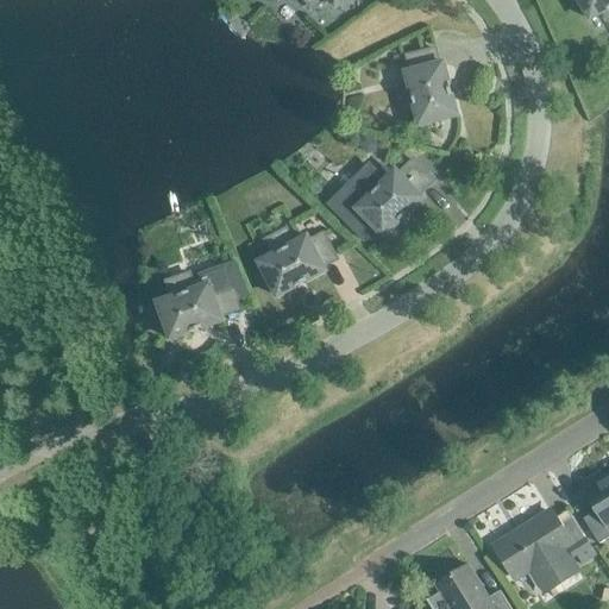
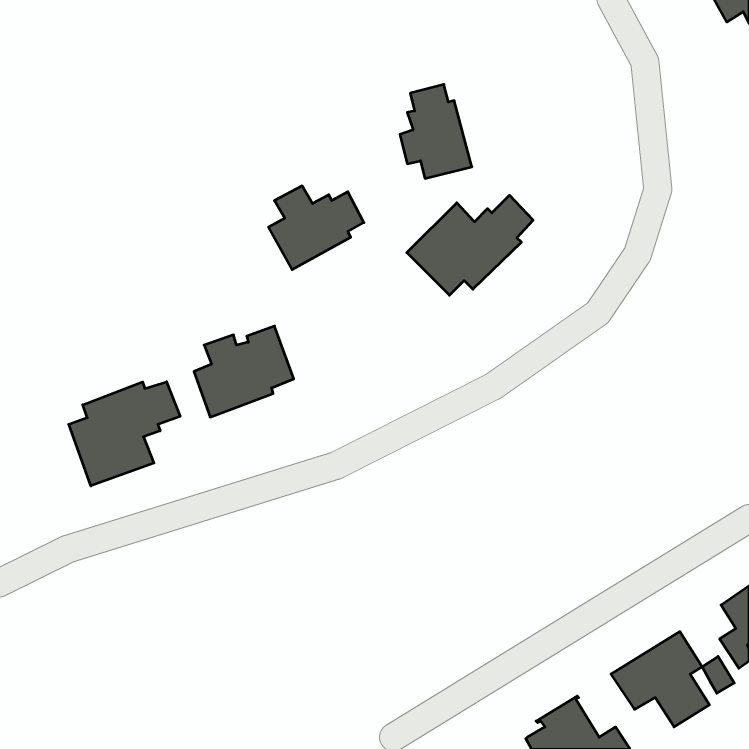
building: [398,48,457,124] -> [400,84,472,178]
building: [258,227,335,295] -> [269,186,364,270]
building: none -> [69,382,180,486]

